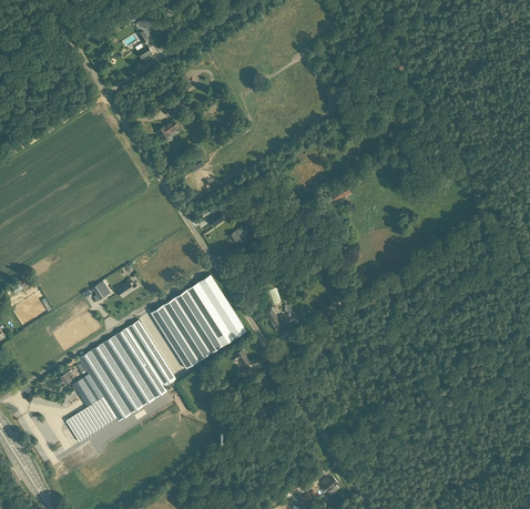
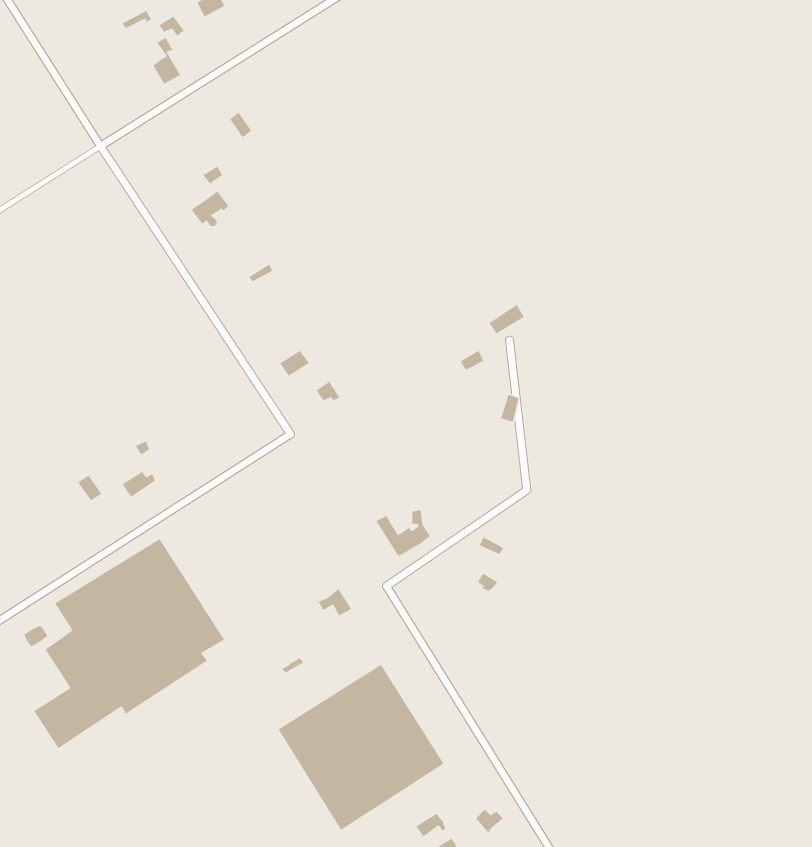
building: [150,274,246,370] -> [277,664,445,831]

